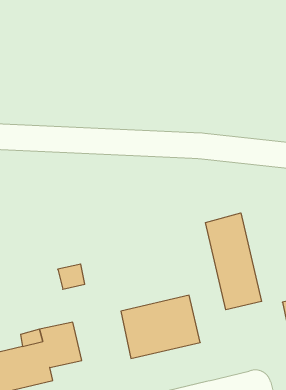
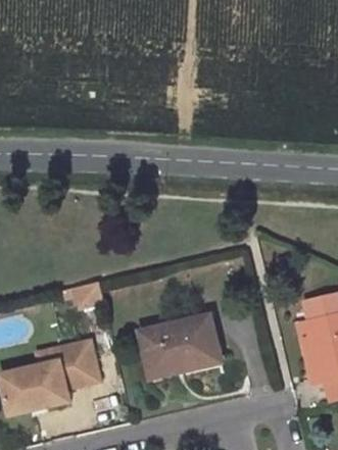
building: [205,213,262,310] -> none

